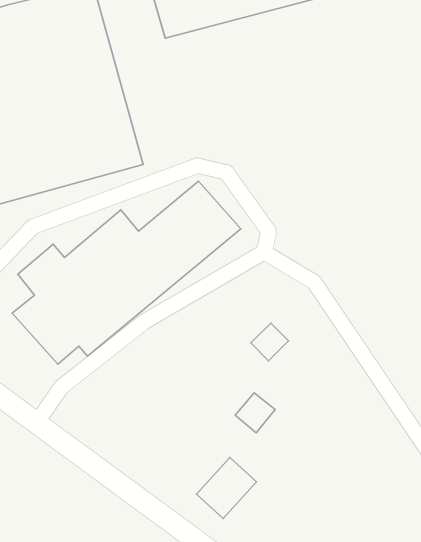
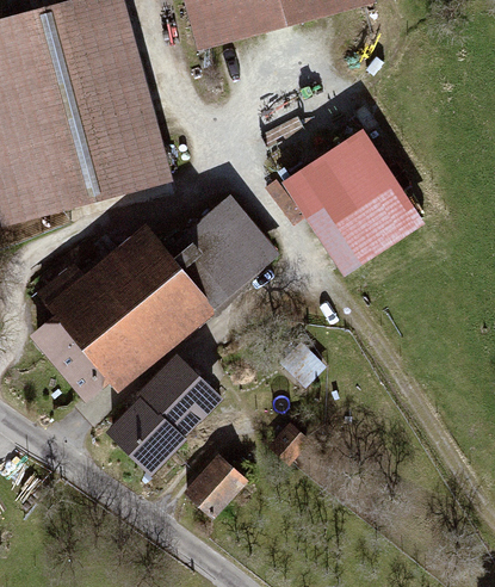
building: none -> [280,125,423,273]
building: none -> [104,357,223,476]
building: [196,457,256,518] -> [184,458,248,524]

